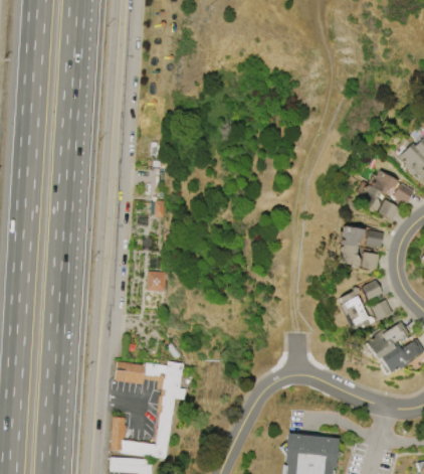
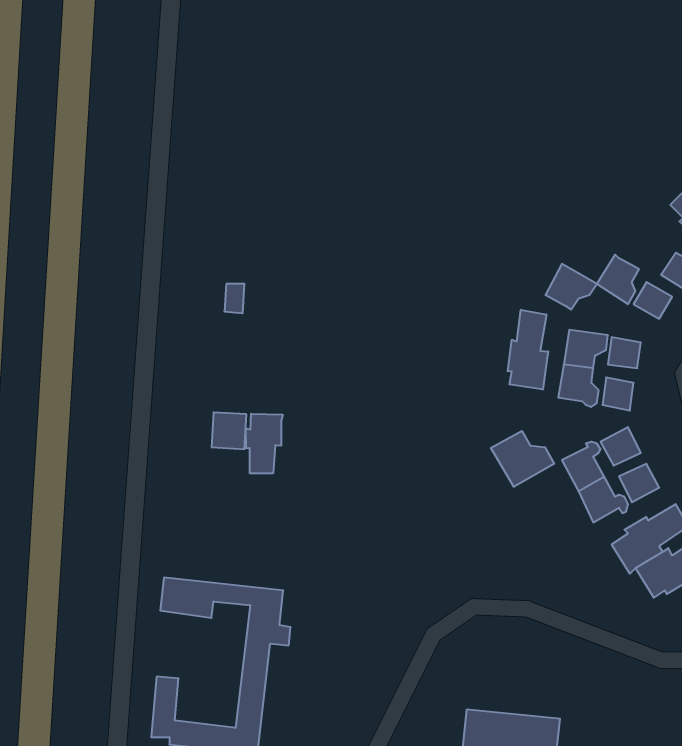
building: [371,169,399,194] -> [545,264,597,310]
building: none -> [508,310,548,390]
building: none -> [246,414,283,473]
building: none -> [491,431,554,487]

